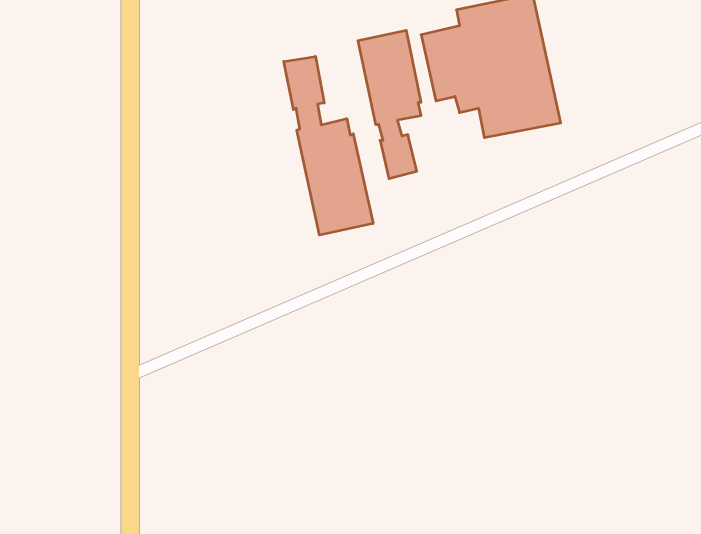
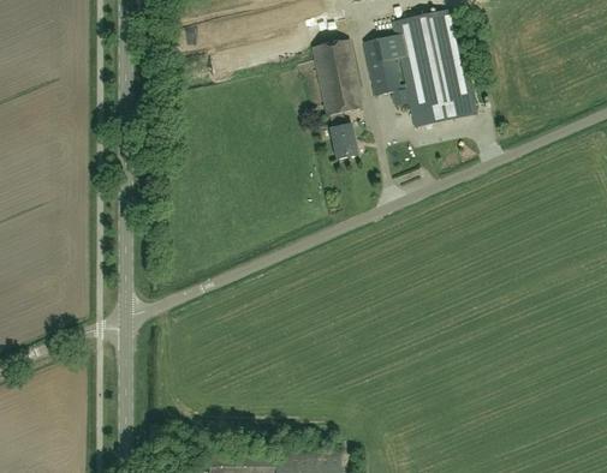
building: [284,56,373,235] -> none

